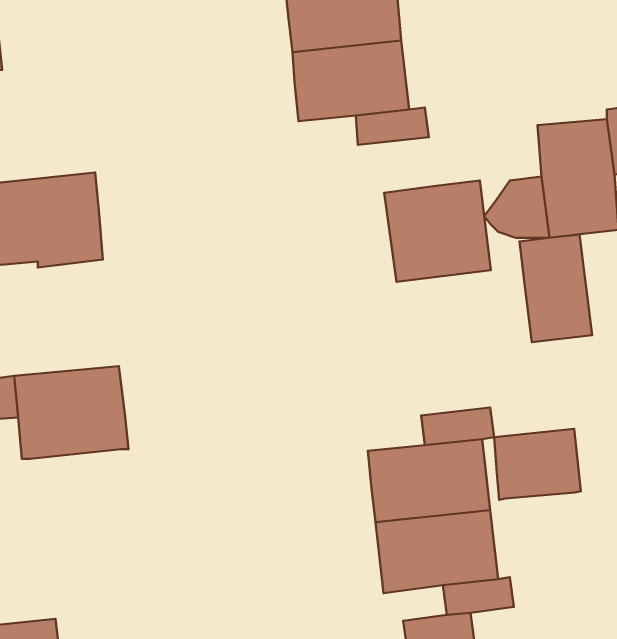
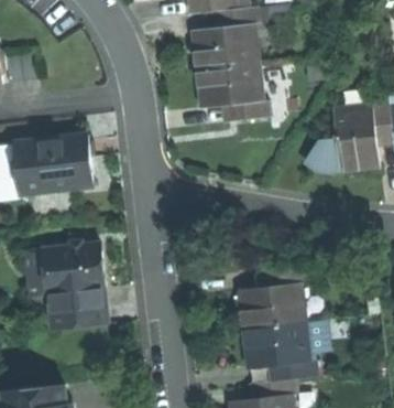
building: [384,181,491,282] -> none
building: [519,234,592,342] -> none
building: [494,429,581,500] -> none
building: none -> [51,290,105,331]

